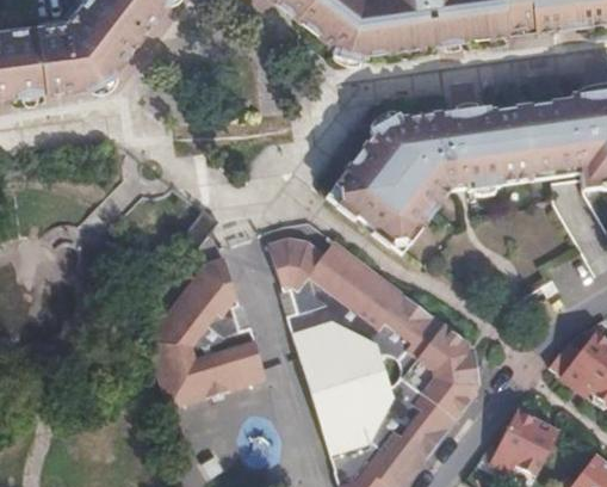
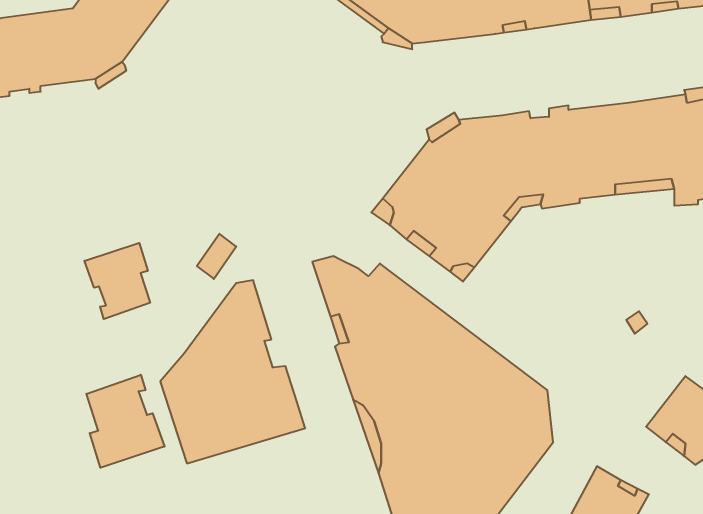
building: none -> [84,243,150,319]
building: none -> [86,375,165,468]

